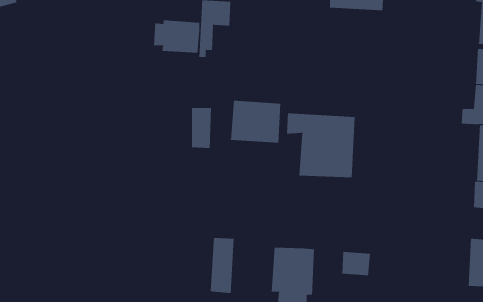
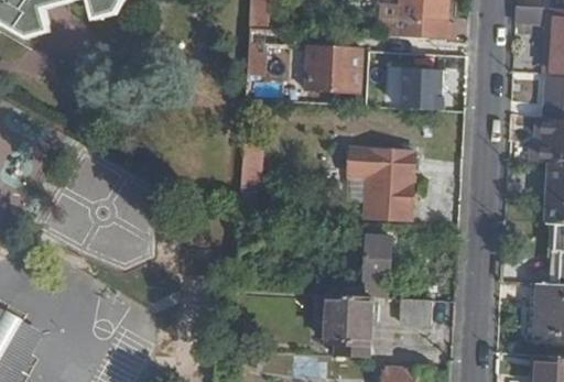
building: [154,20,200,53] -> none
building: none -> [393,53,437,109]
building: [230,100,281,143] -> [305,46,360,92]
building: [210,237,234,293] -> [362,237,389,297]

